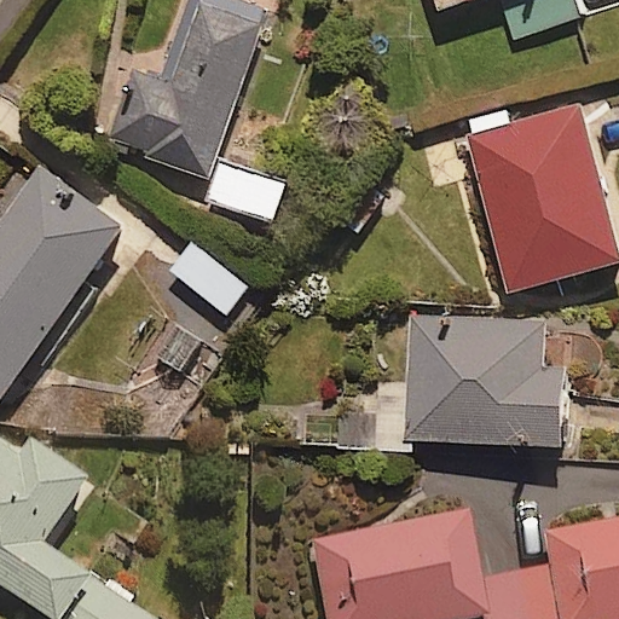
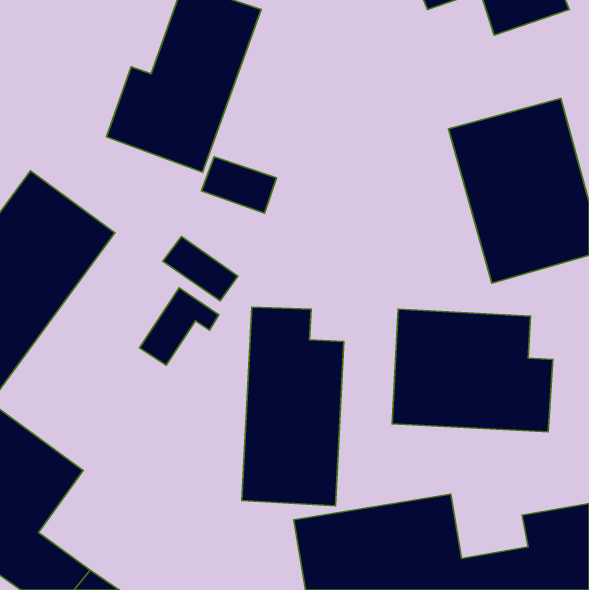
building: none -> [242,307,344,506]

